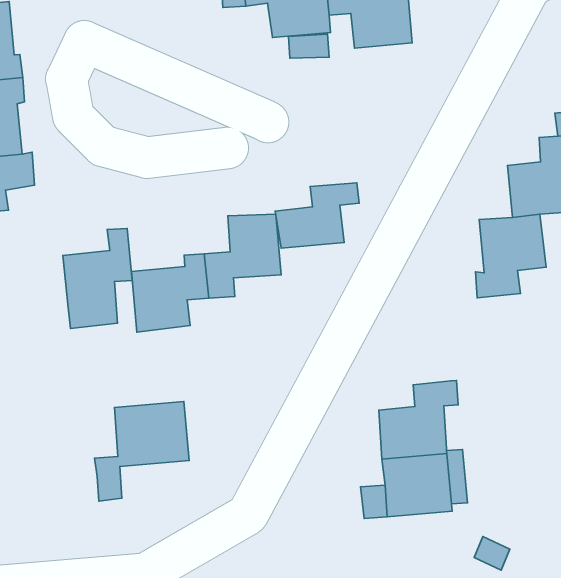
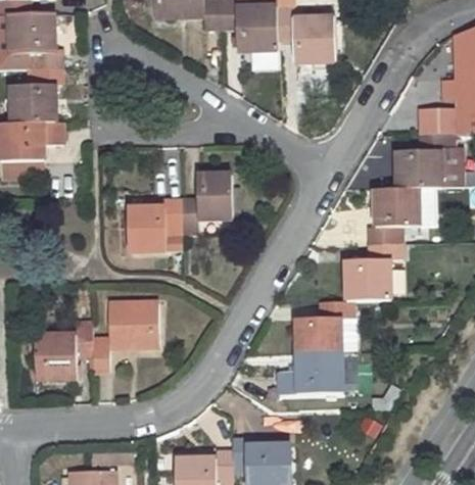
building: [275,183,359,248] -> none
building: [63,228,132,328] -> none
building: none -> [346,242,400,300]
building: none -> [35,321,93,378]

